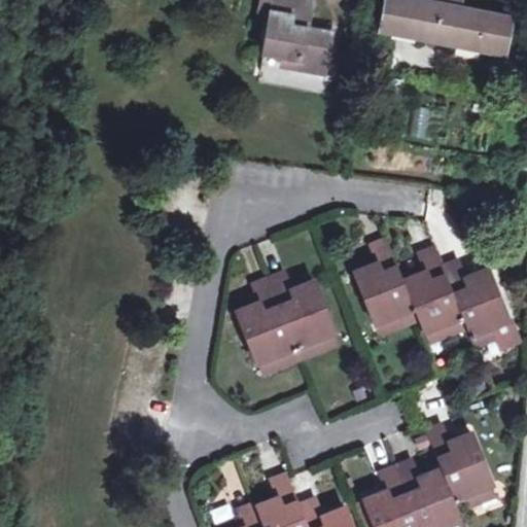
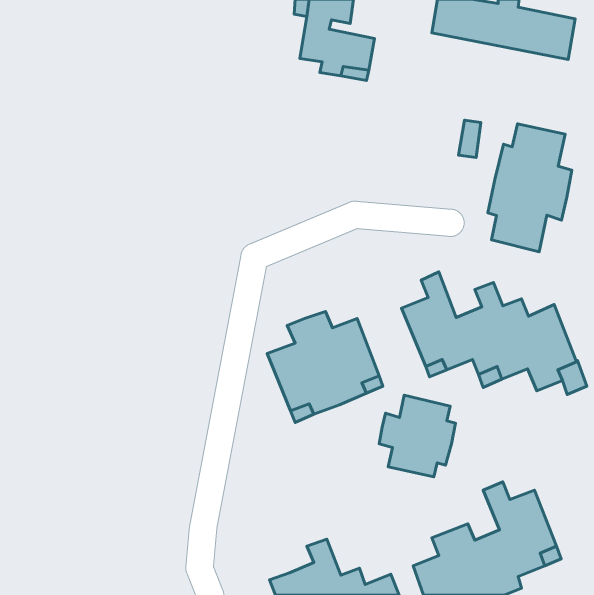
building: none -> [488,124,572,252]
building: none -> [379,395,455,477]

